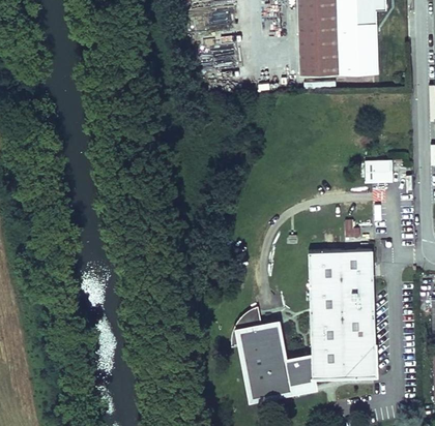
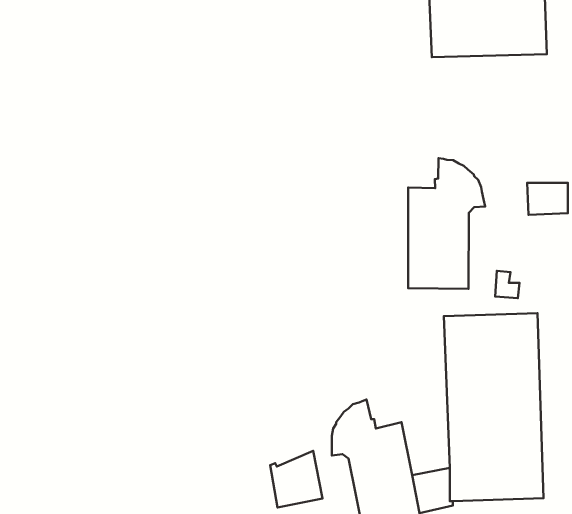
building: none -> [408,158,485,289]
building: none -> [270,451,323,507]

